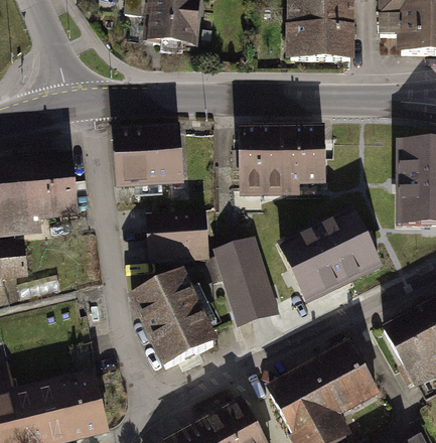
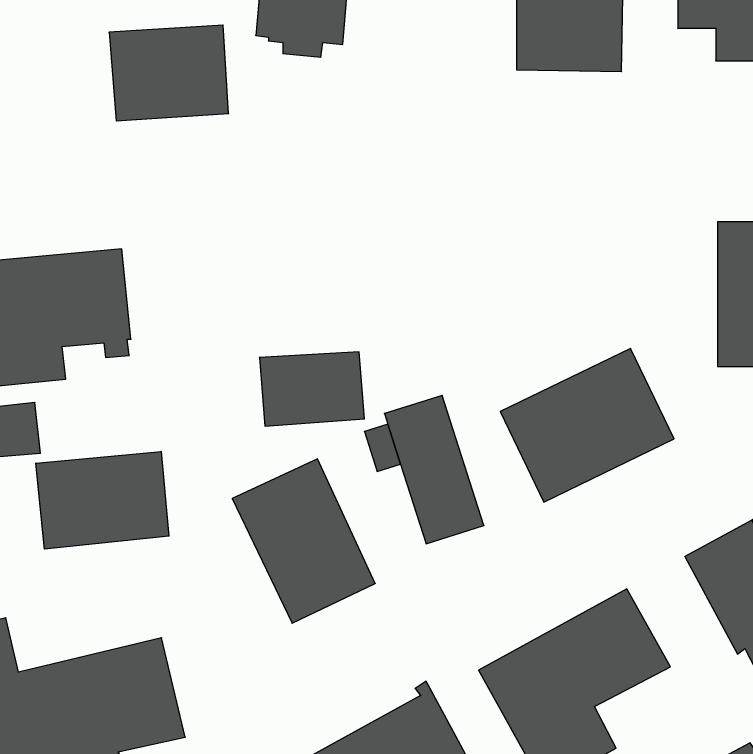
building: [116,130,182,183] -> [109,25,229,121]
building: [242,130,325,188] -> none
building: none -> [36,451,169,549]

